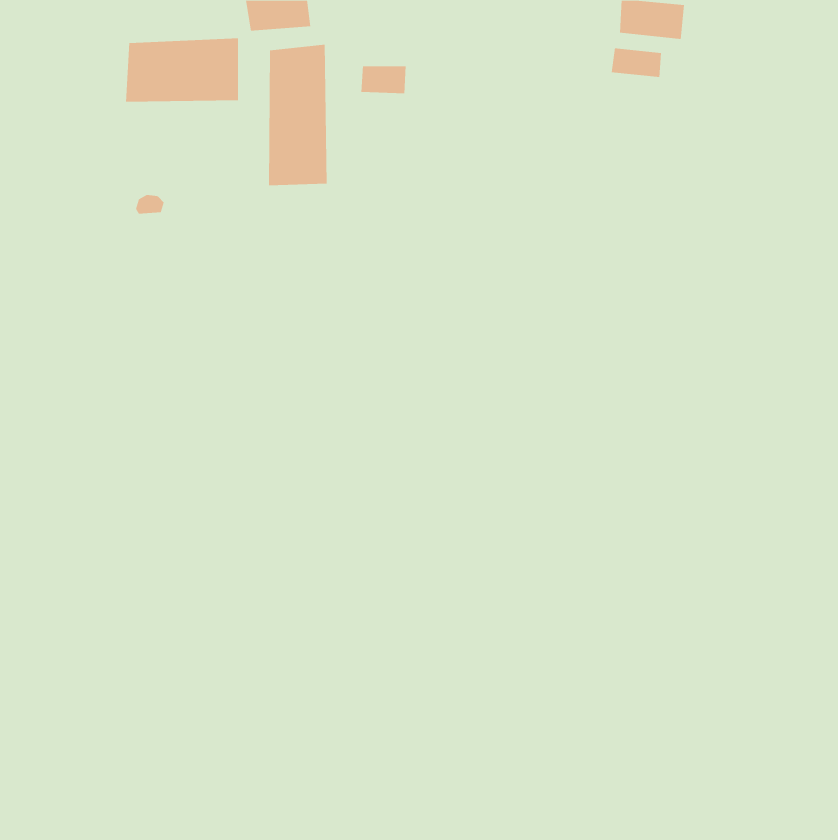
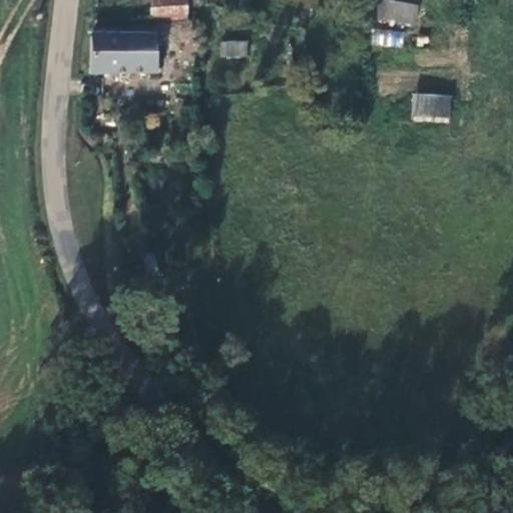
building: [268,44,327,186] -> none
building: none -> [413,93,453,123]

